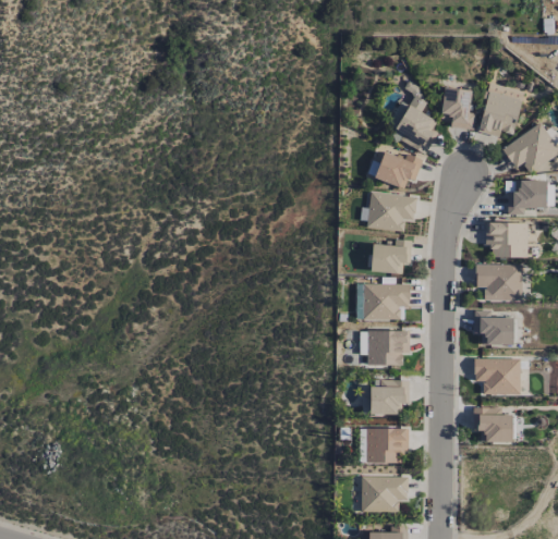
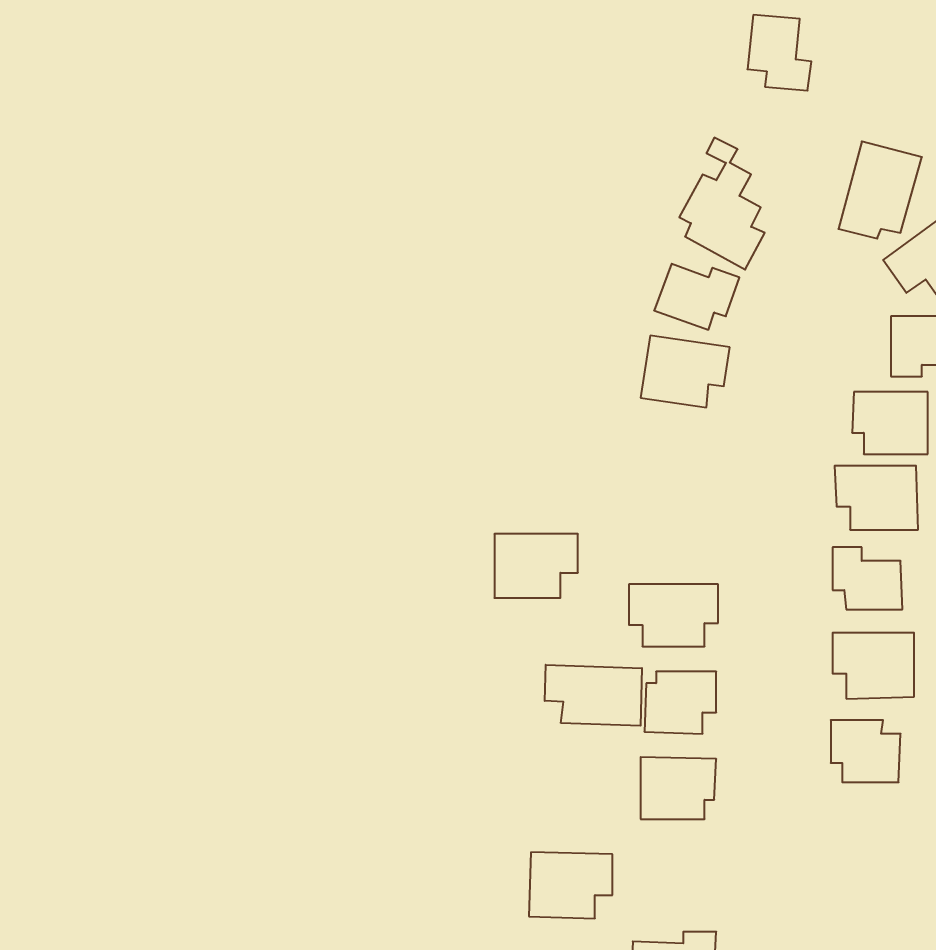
building: [440,87,476,130] -> [747,15,811,91]
building: [371,240,411,273] -> none
building: [363,284,410,320] -> [494,534,578,598]
building: none -> [545,665,642,726]
building: [361,476,408,513] -> [529,852,612,918]

